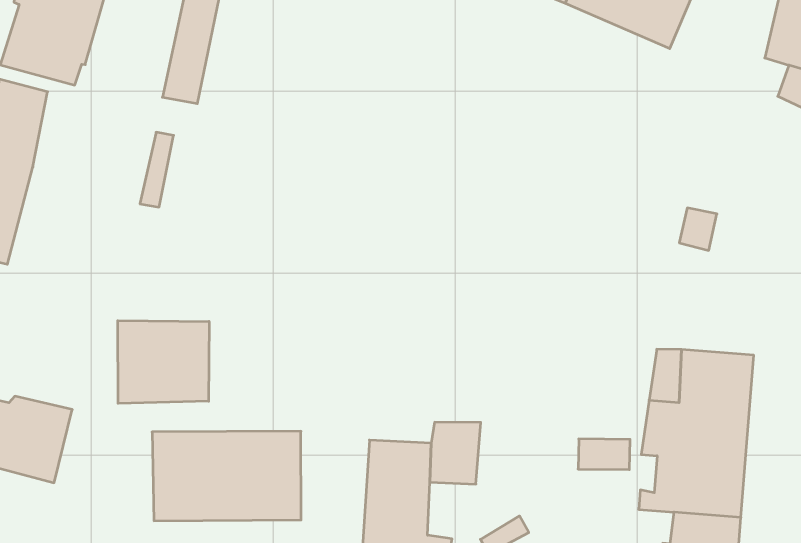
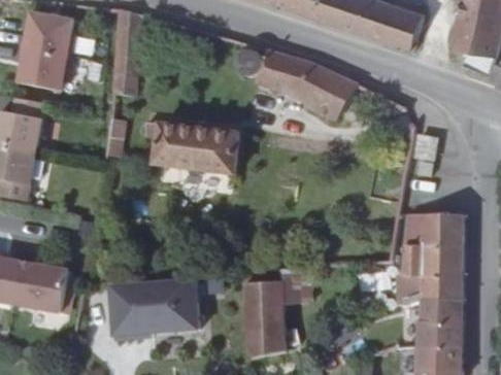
building: none -> [233,42,358,114]
building: none -> [160,127,258,179]
building: [118,321,209,403] -> none

